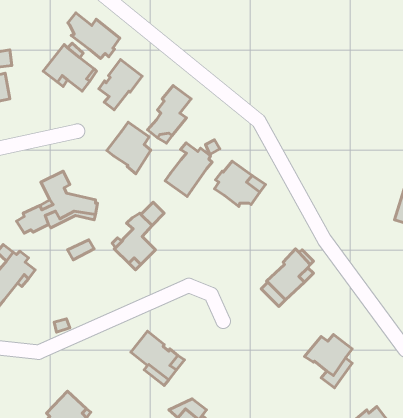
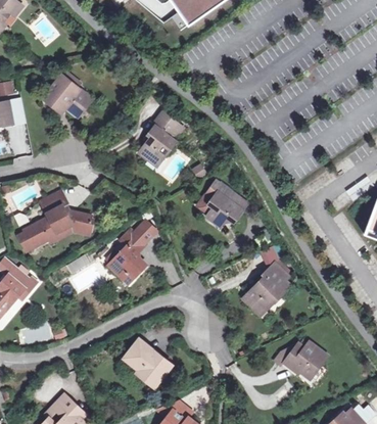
building: [68,13,120,59] -> none
building: [99,60,142,110] -> none
building: [107,122,151,174] -> none
building: [165,143,212,196] -> none

